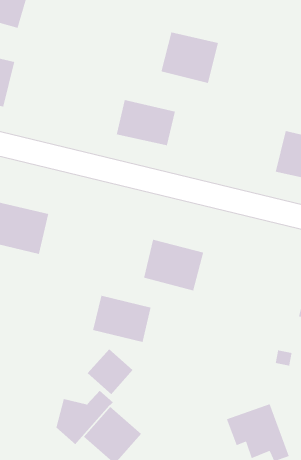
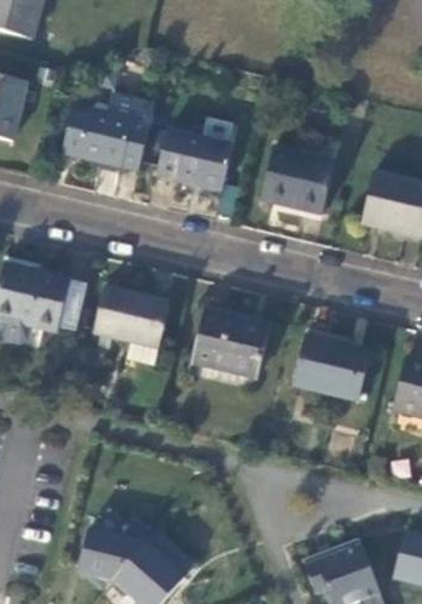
building: [160,31,219,84] -> [261,148,336,216]
building: none -> [62,96,153,172]
building: none -> [293,335,372,403]
building: [92,295,152,343] -> [93,286,170,348]
building: [87,348,134,395] -> none

